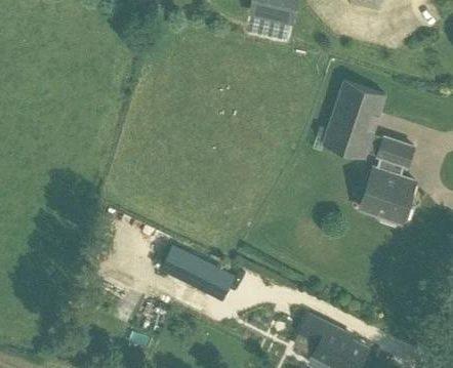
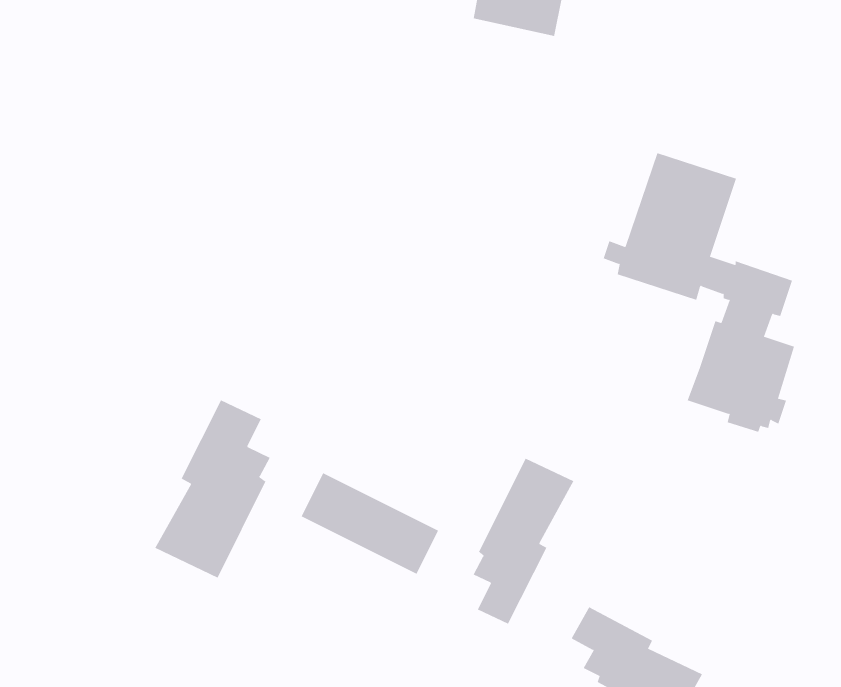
building: none -> [155,400,271,579]
building: none -> [473,458,574,625]

